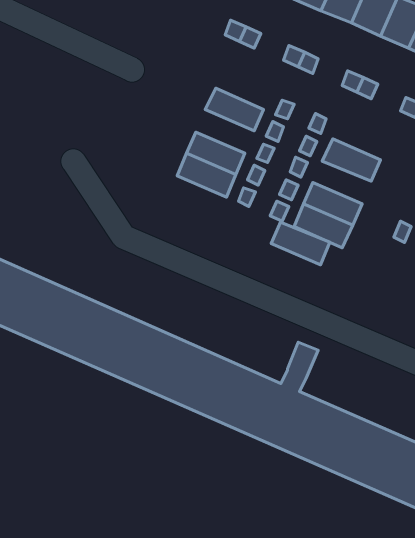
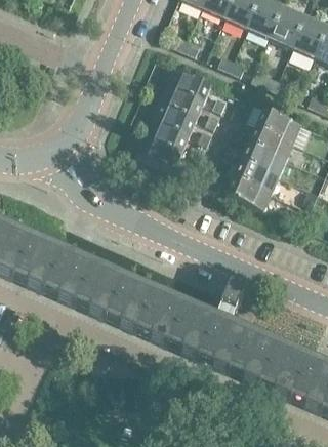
building: none -> [167,69,212,104]
building: none -> [152,104,197,137]
building: none -> [257,108,302,143]
building: [271,222,330,265] -> [242,144,287,176]

